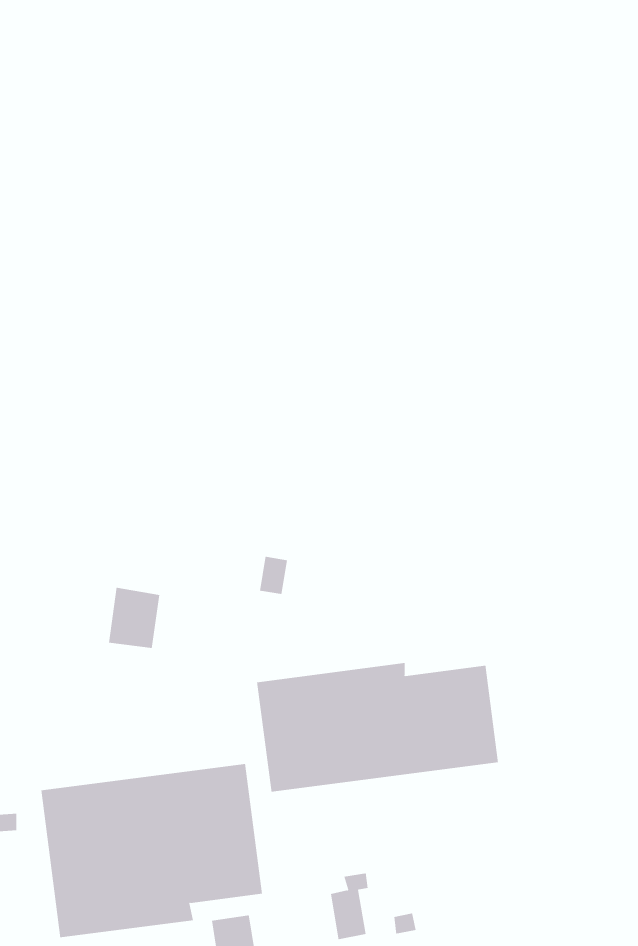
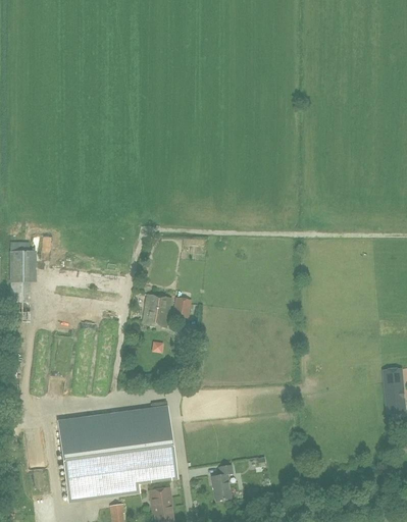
building: [108,587,160,648] -> [143,295,170,327]
building: [256,662,499,793] -> none

